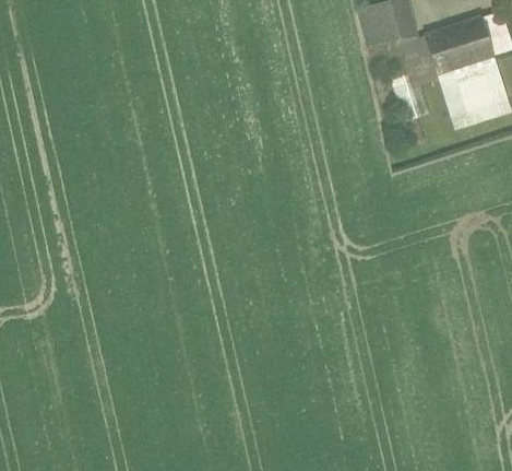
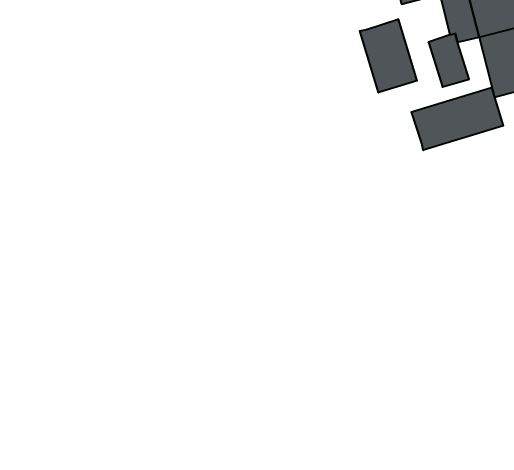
building: none -> [360,19,417,93]
building: none -> [411,87,503,150]

